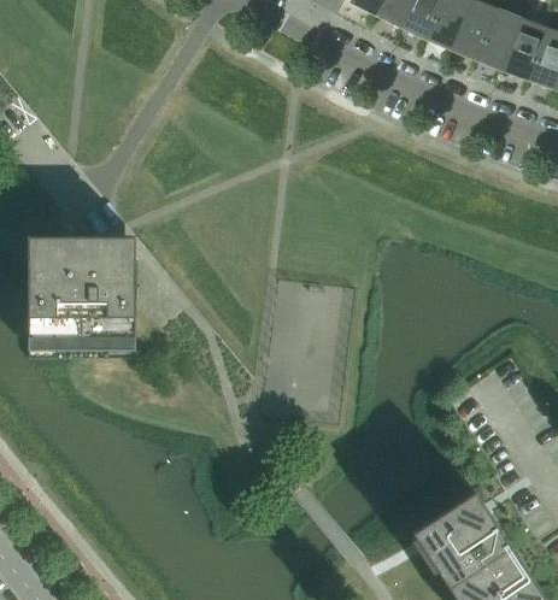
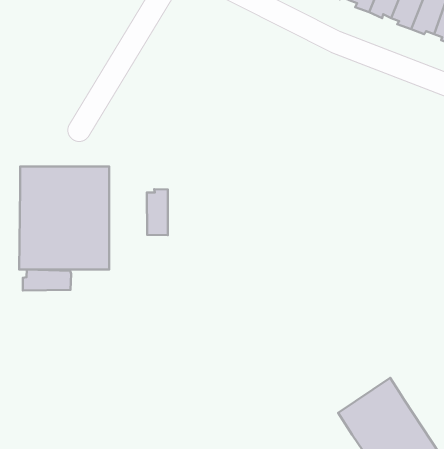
building: none -> [147,189,168,235]
building: none -> [23,270,71,290]

